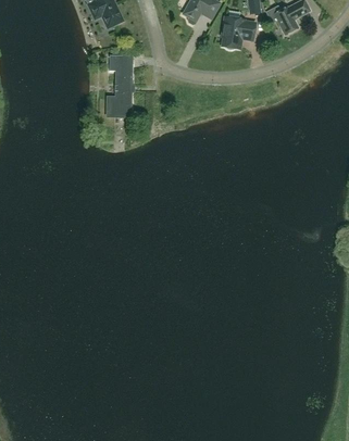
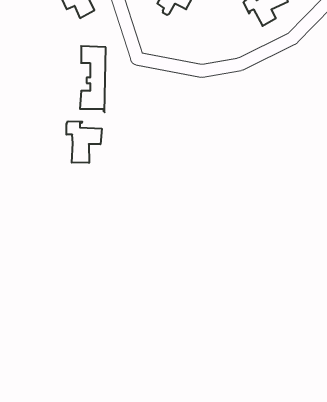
building: [222,16,254,49] -> none
building: none -> [66,121,102,163]

